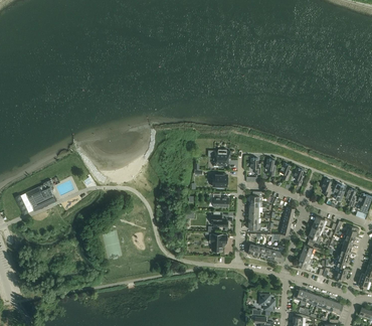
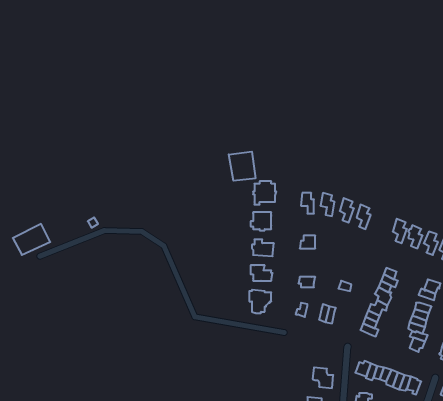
building: none -> [229,152,255,181]

